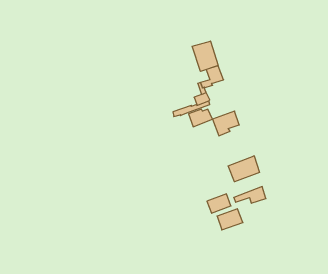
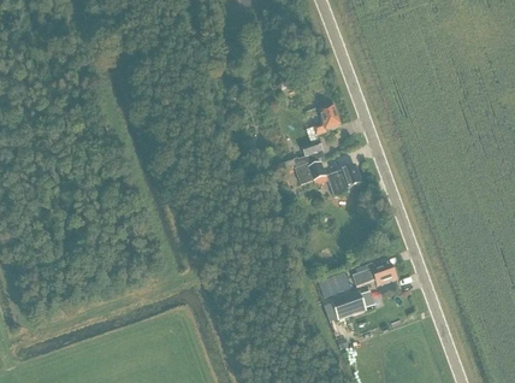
building: [192,41,218,71] -> none
building: [228,156,260,182] -> none

